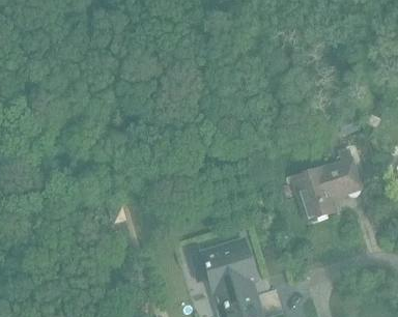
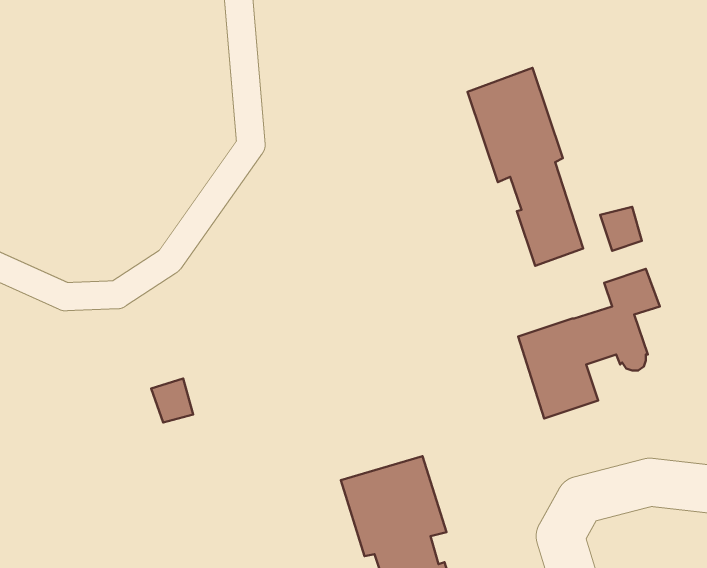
building: none -> [468,68,583,266]

